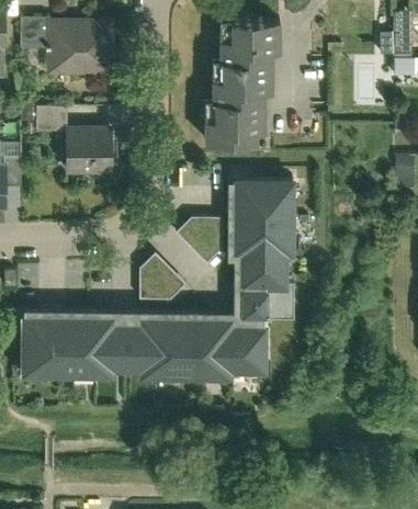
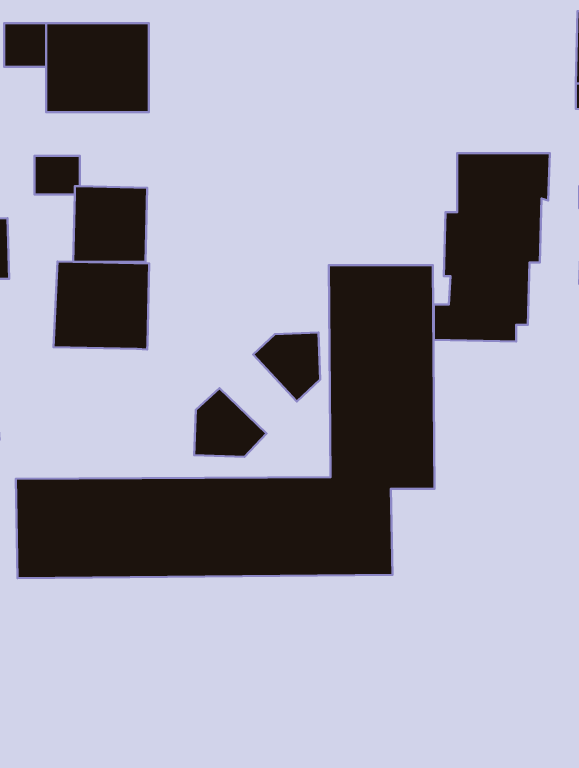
building: [203,19,279,142] -> [434,153,550,342]
building: none -> [53,262,149,349]

